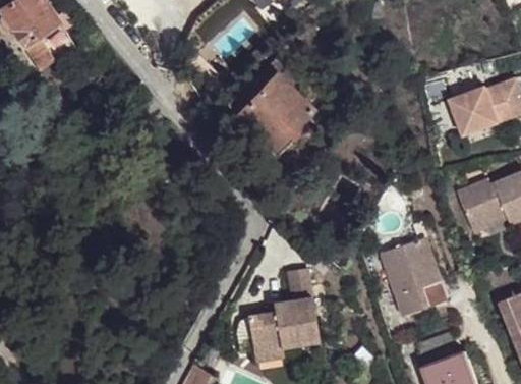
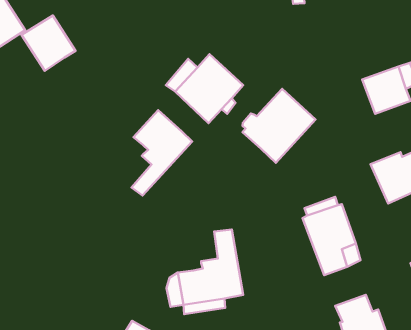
building: none -> [22,15,75,71]
building: none -> [242,89,316,163]
building: none -> [132,110,192,196]

